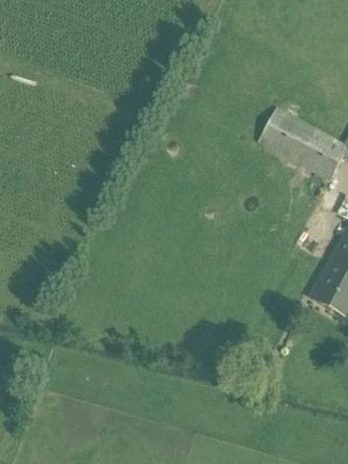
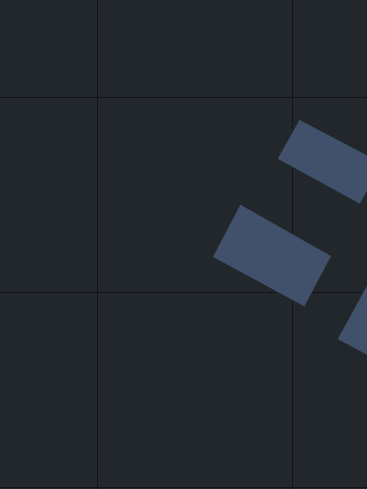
building: none -> [212,204,332,307]

